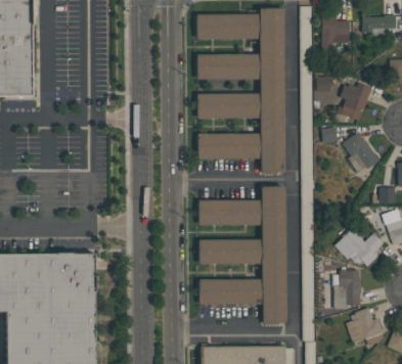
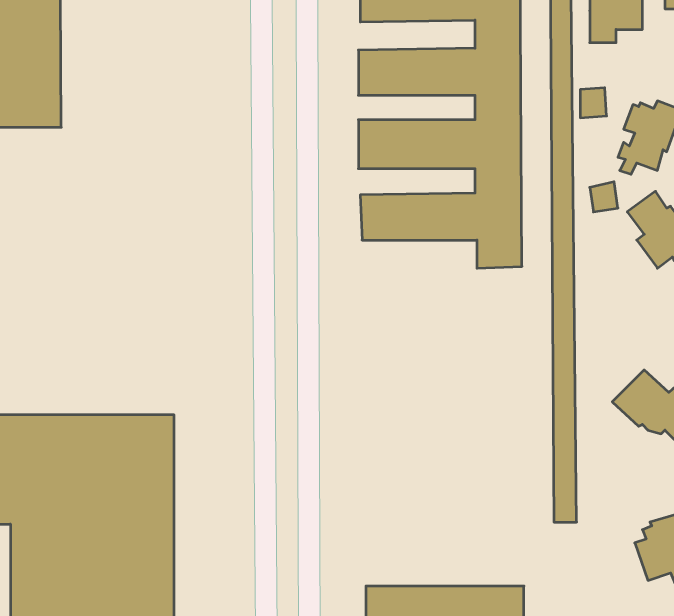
building: [198,186,287,323] -> none
building: [333,270,361,310] -> none

